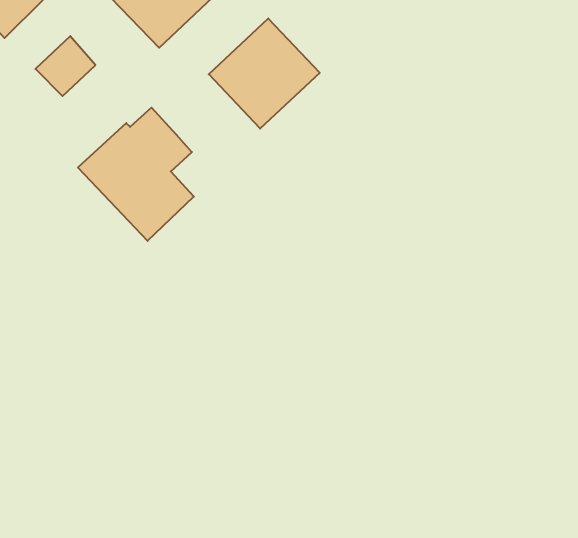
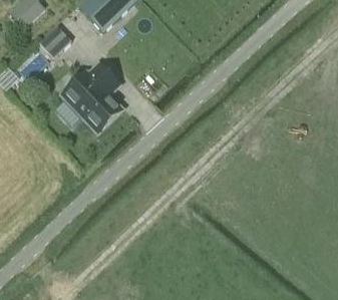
building: [209,18,320,129] -> none

